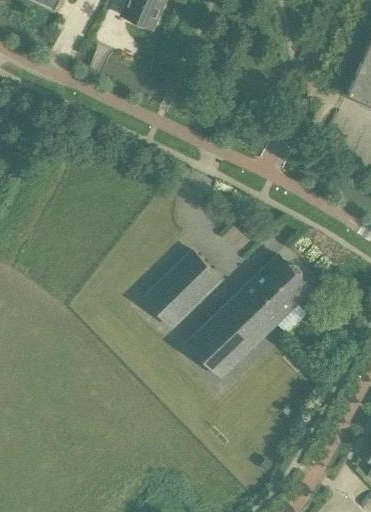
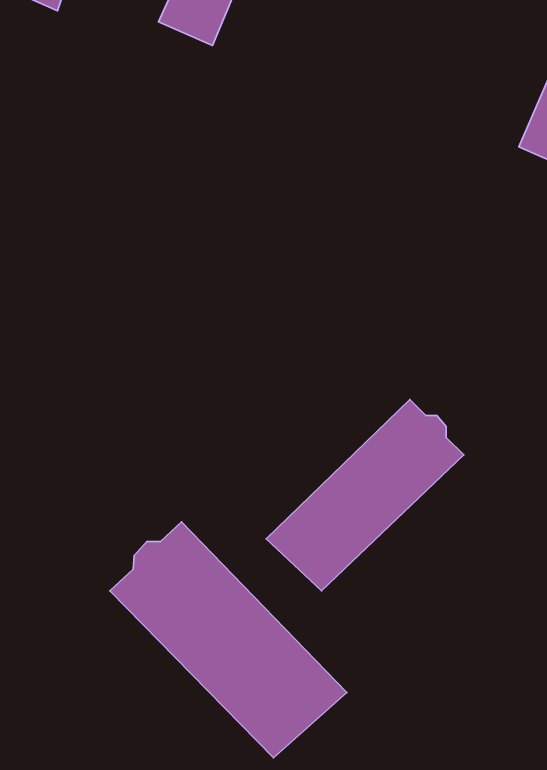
building: [144,250,222,327] -> none
building: none -> [110,522,347,758]

